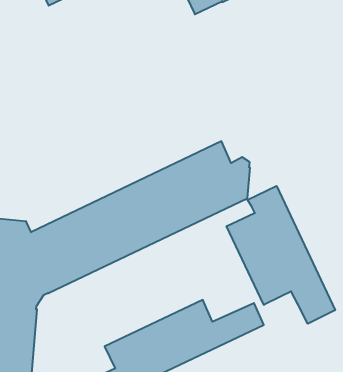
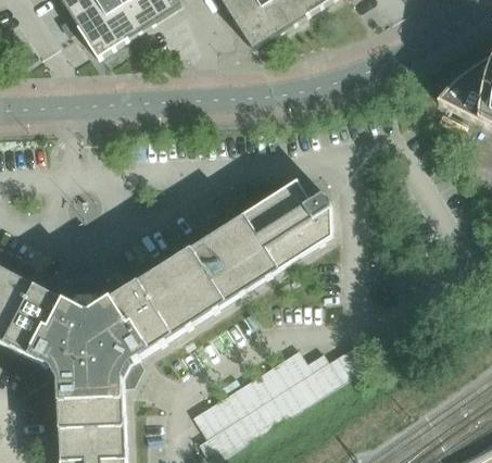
building: [227,186,335,324] -> none

